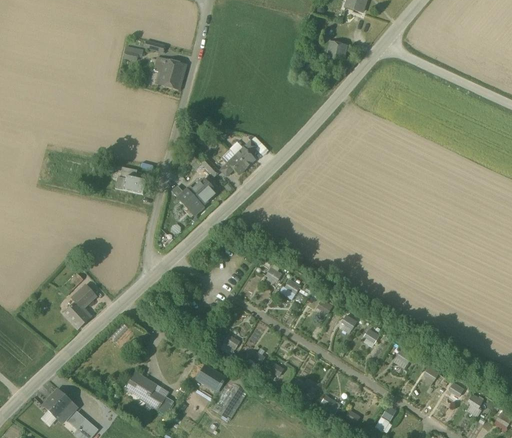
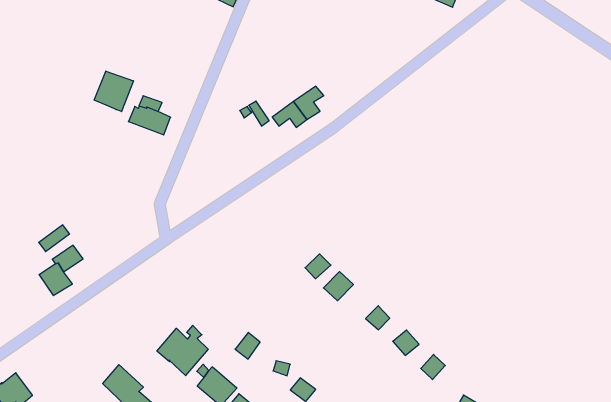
building: none -> [94,71,133,112]
building: [178,178,218,214] -> none
building: none -> [157,325,208,376]

